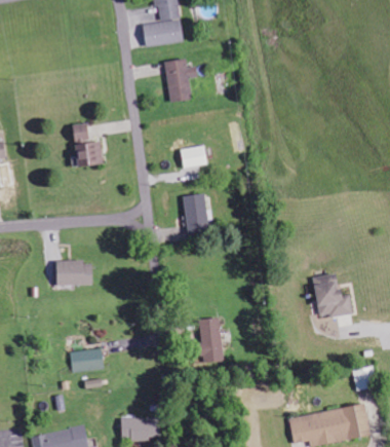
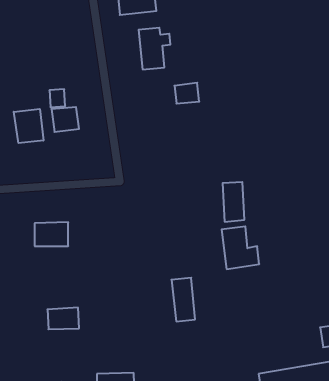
building: none -> [14,109,43,143]
building: [181,145,206,166] -> [174,83,199,104]
building: [184,193,206,234] -> [223,182,244,222]
building: [313,273,352,318] -> [222,226,259,269]

